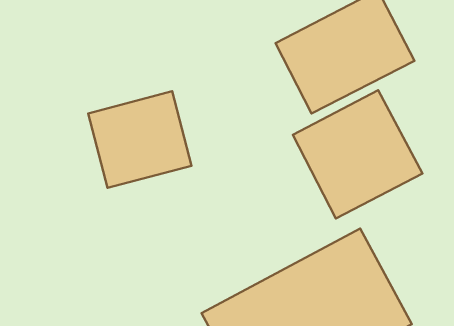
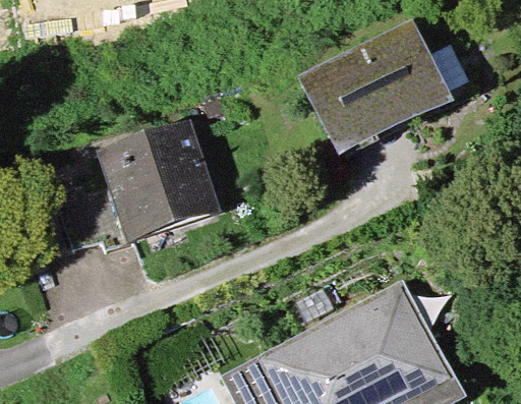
building: [293,90,423,218] -> none

